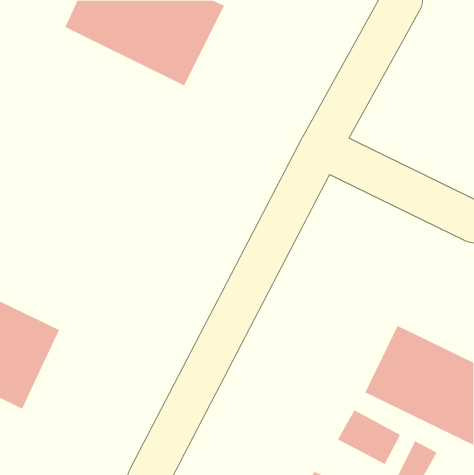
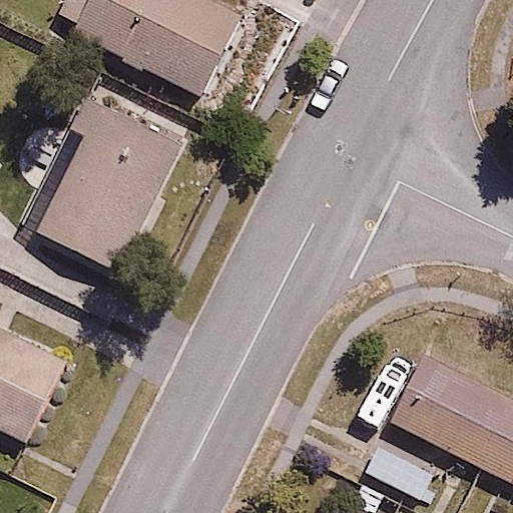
building: none -> [37,98,178,268]

